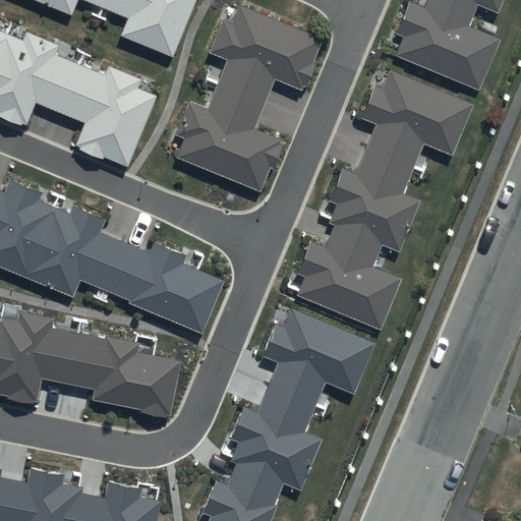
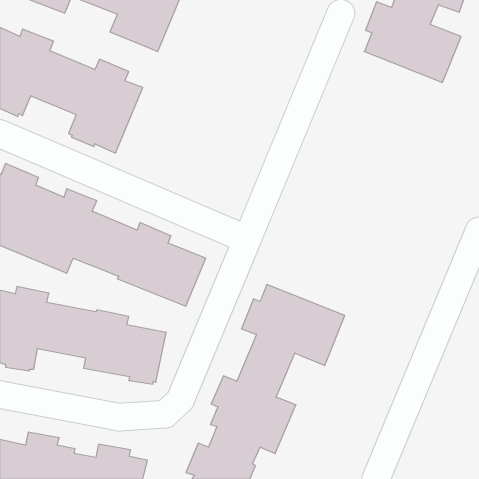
building: [174,4,323,190] -> none
building: [297,71,475,331] -> none

